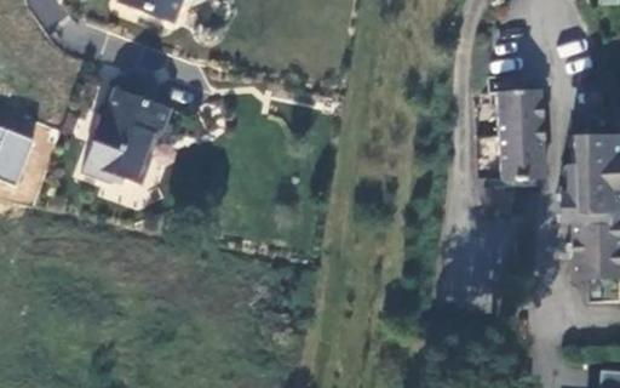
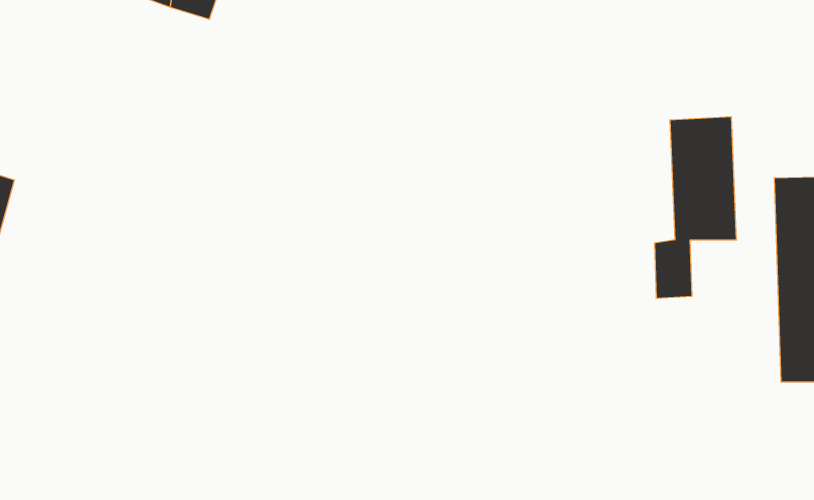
building: [85,87,173,184] -> none

